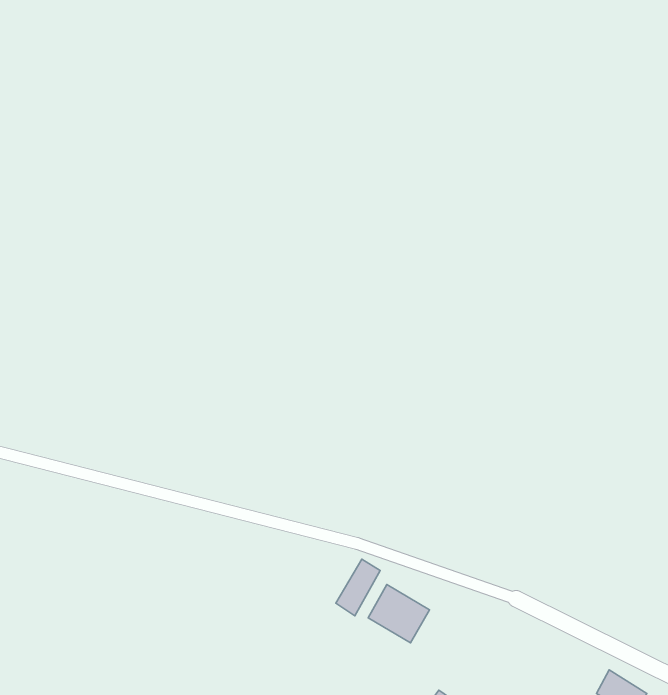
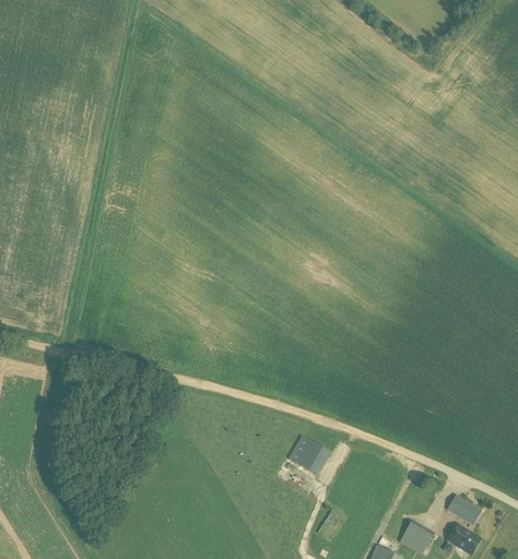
building: [336,559,380,616] -> none

